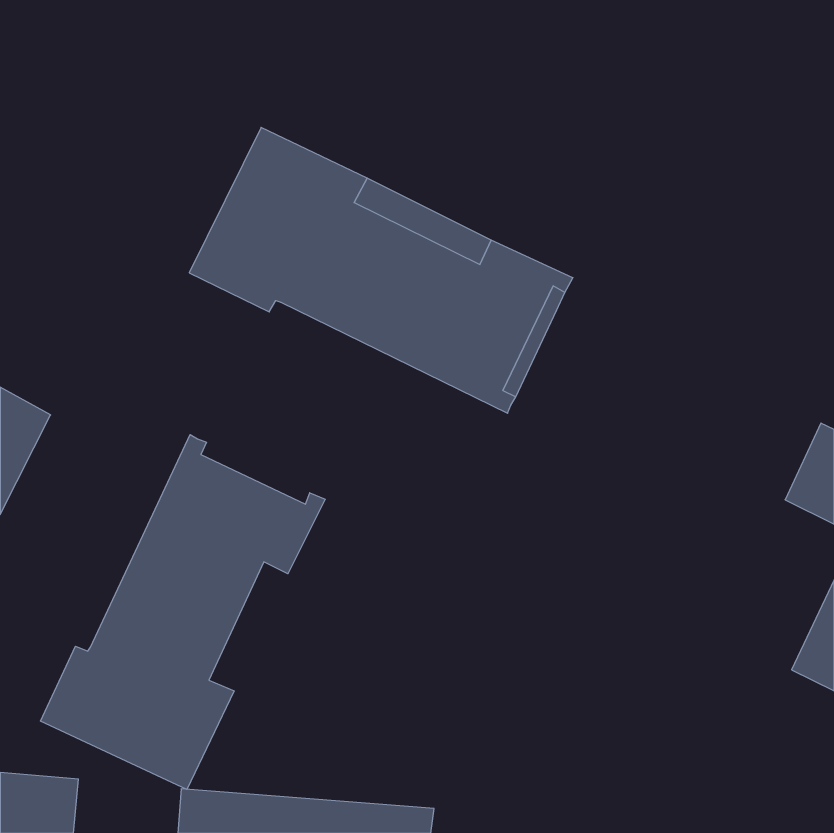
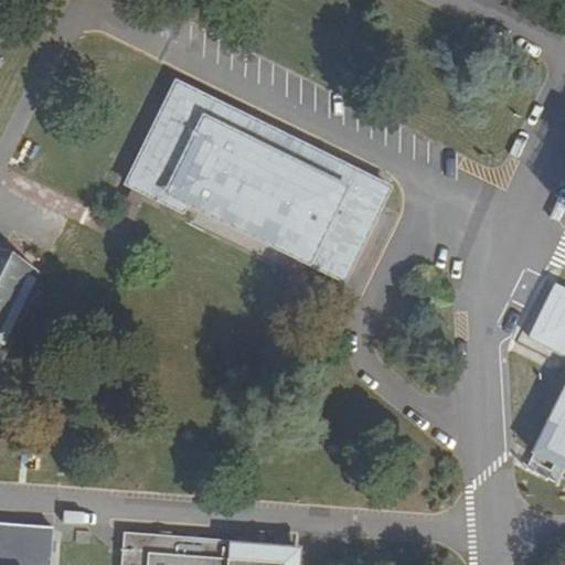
building: [41,435,325,789] -> none

